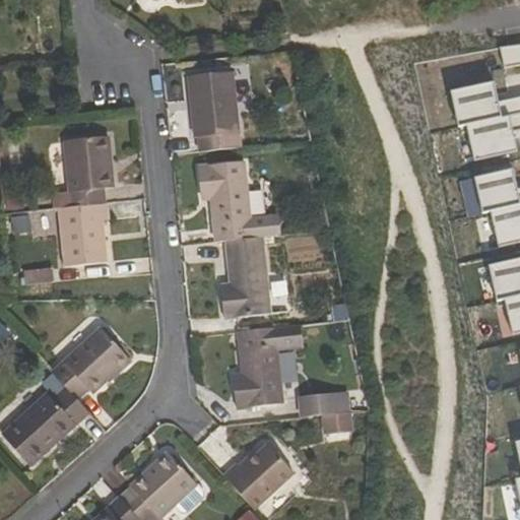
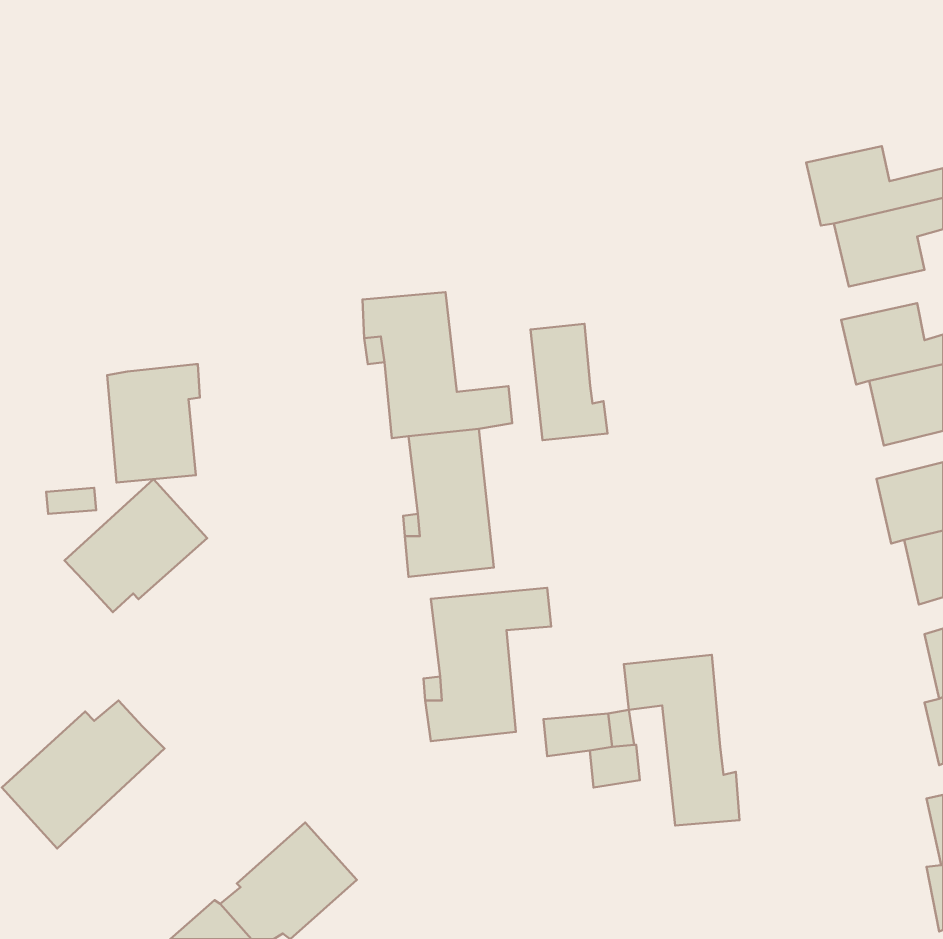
building: [188,70,242,150] -> none
building: [65,135,115,204] -> none
building: none -> [531,324,608,440]
building: [52,326,130,399] -> [65,479,207,612]
building: none -> [624,655,740,825]
building: [223,442,294,508] -> none

